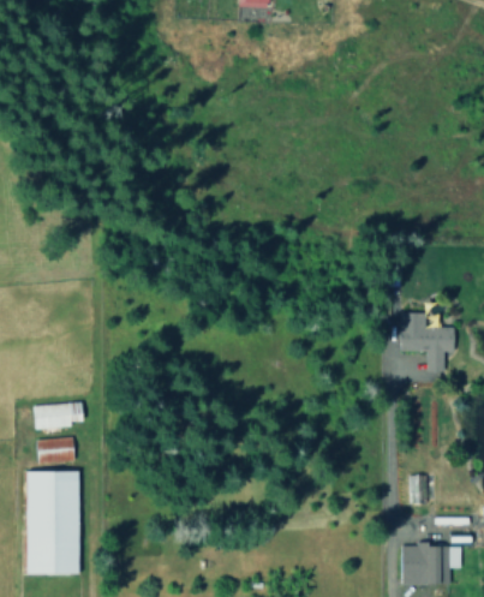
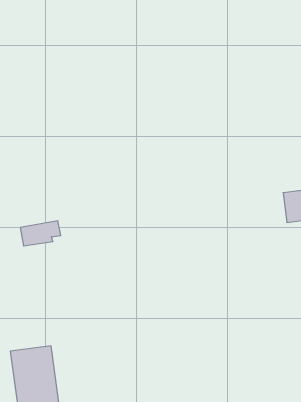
building: [34,402,84,429] -> [20,221,61,246]
building: [37,437,74,461] -> none

